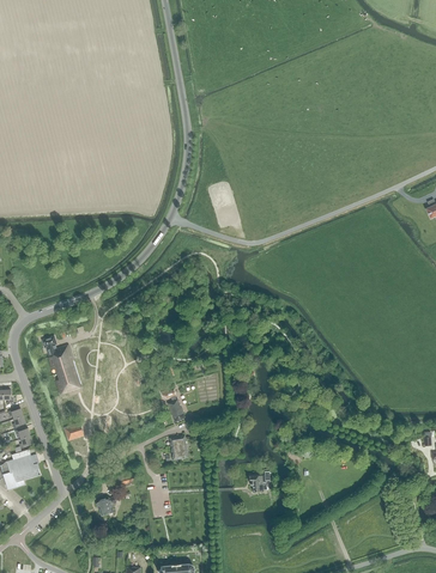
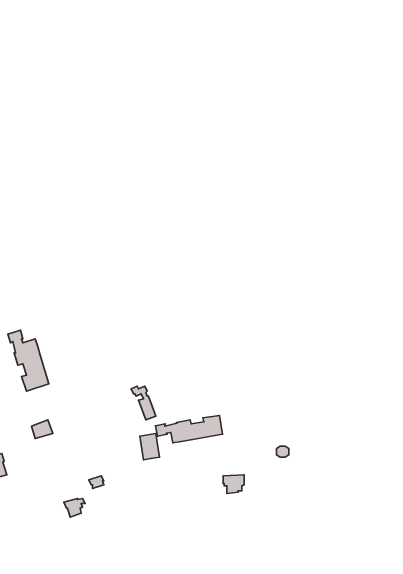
building: none -> [155,415,222,443]

